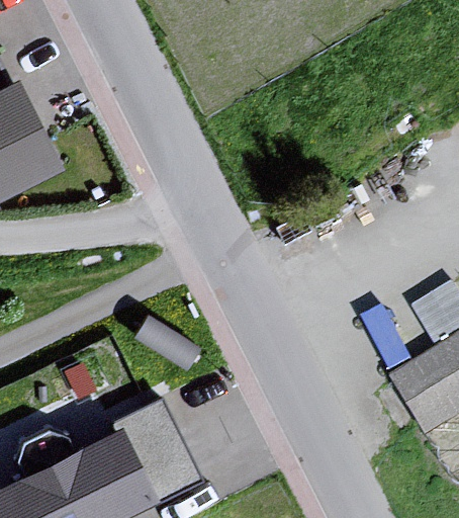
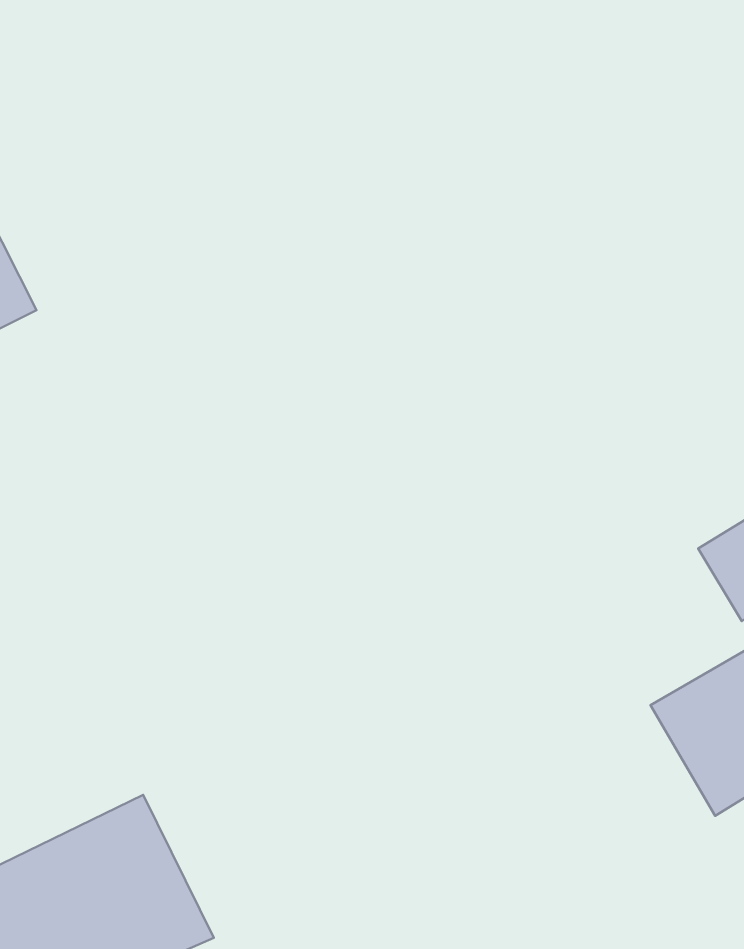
building: [117,399,202,503] -> none

